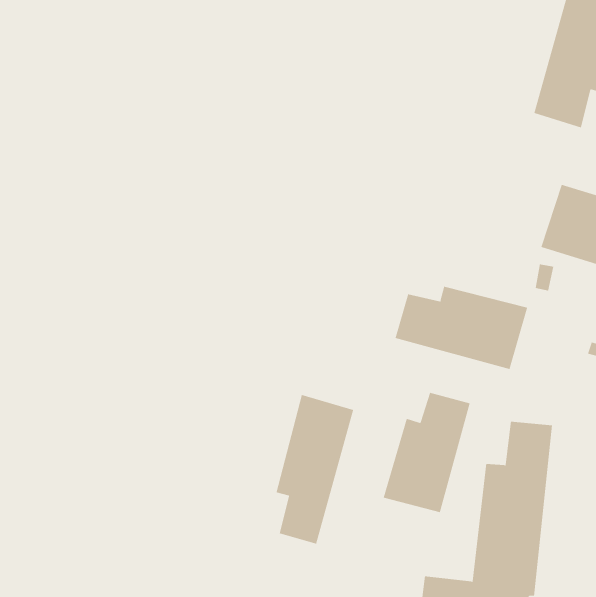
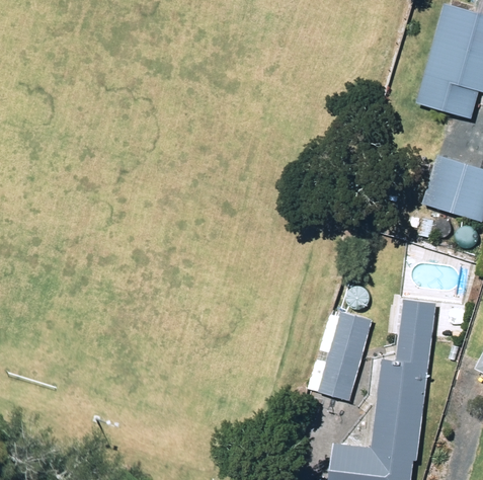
building: [395,286,528,370] -> none
building: [276,394,354,545] -> none

